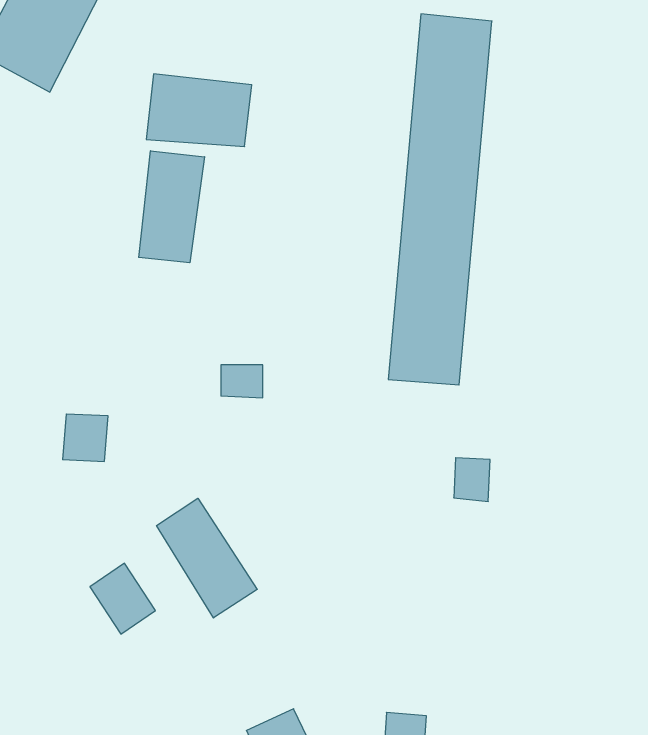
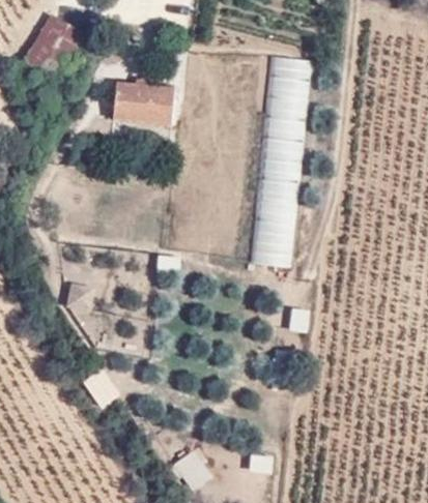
building: [139,151,205,263] -> none
building: [157,498,257,618] -> none

